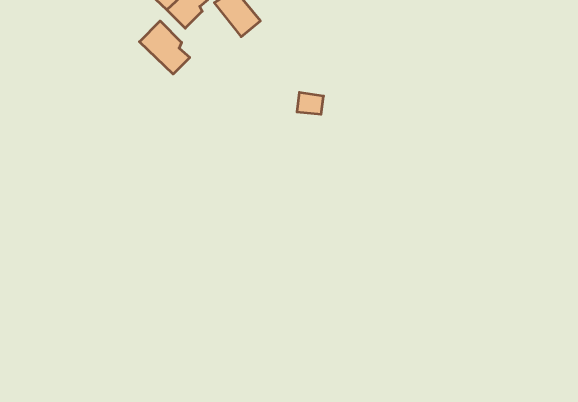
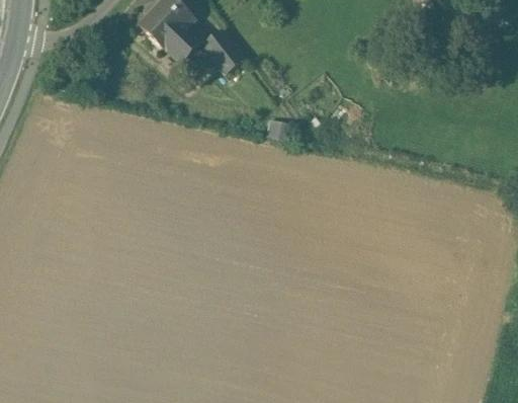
building: [139,21,190,74] -> none

